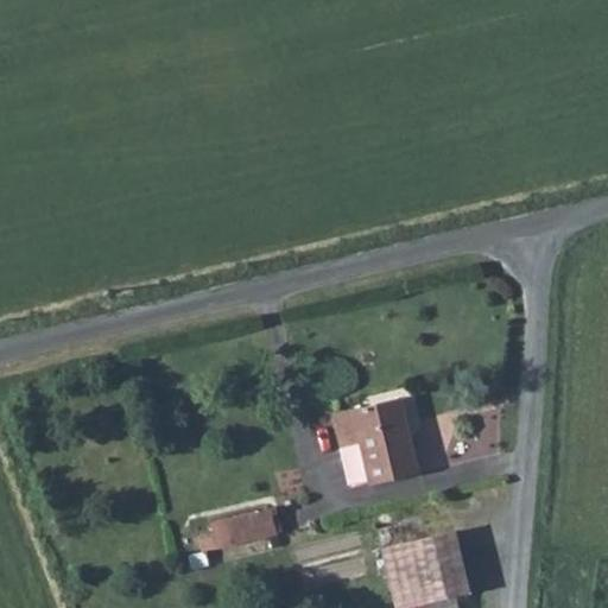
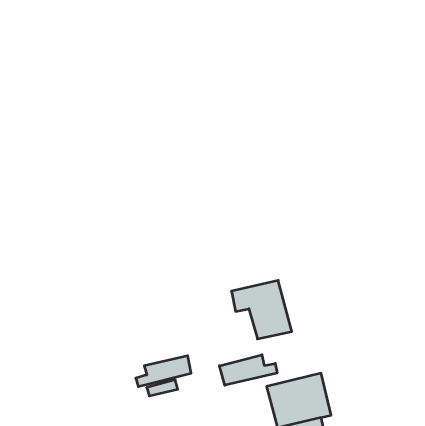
building: none -> [219,355,277,385]

